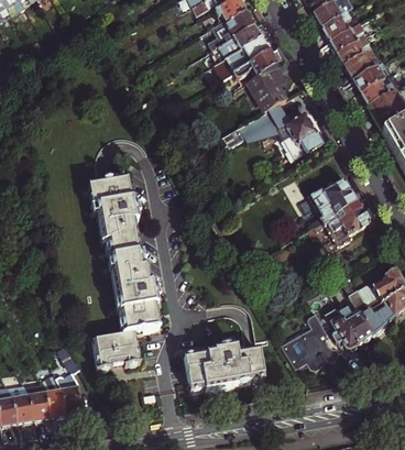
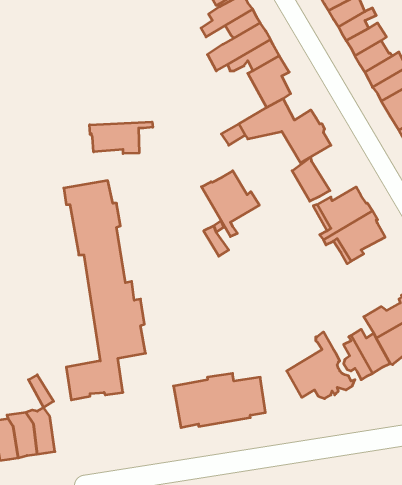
building: none -> [90,122,153,154]
building: none -> [292,157,330,201]
building: none -> [201,171,259,237]

